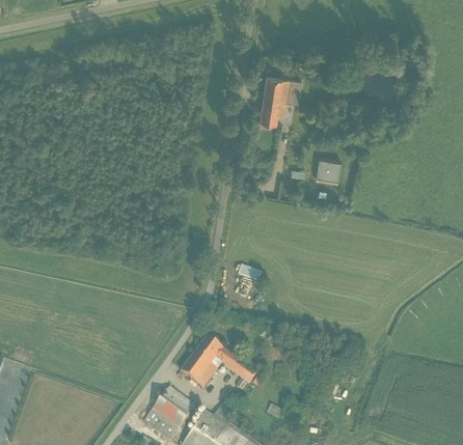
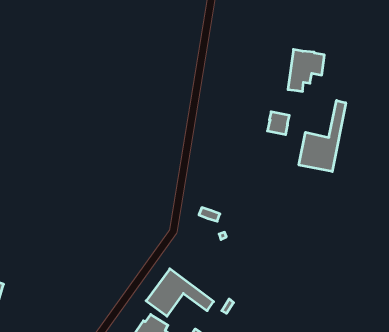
building: [258,77,300,124] -> [288,49,324,91]
building: none -> [299,100,346,172]

